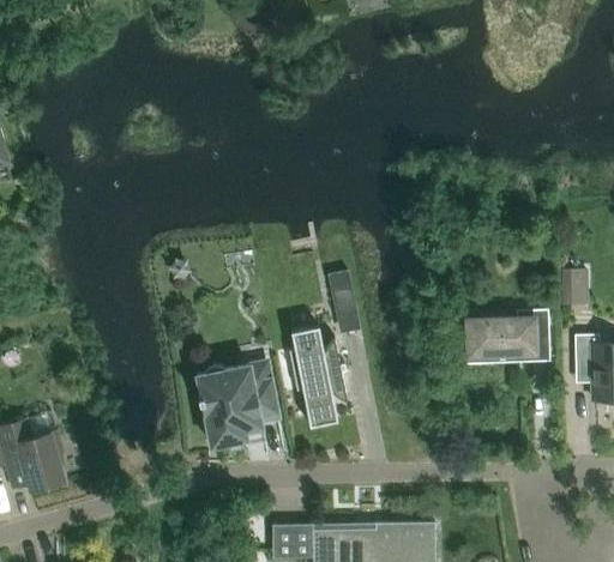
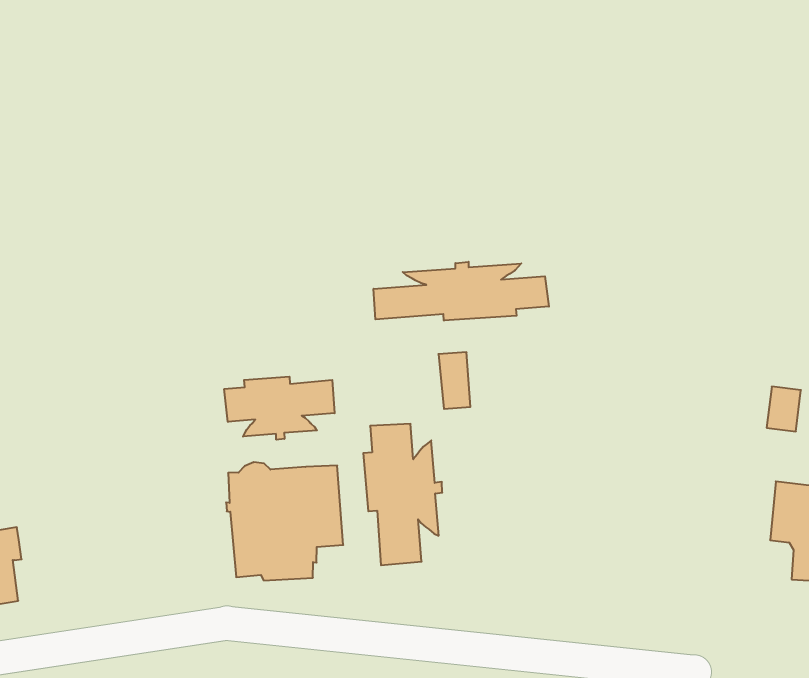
building: none -> [374,262,549,321]
building: none -> [224,377,335,440]
building: [455,309,549,388] -> none

